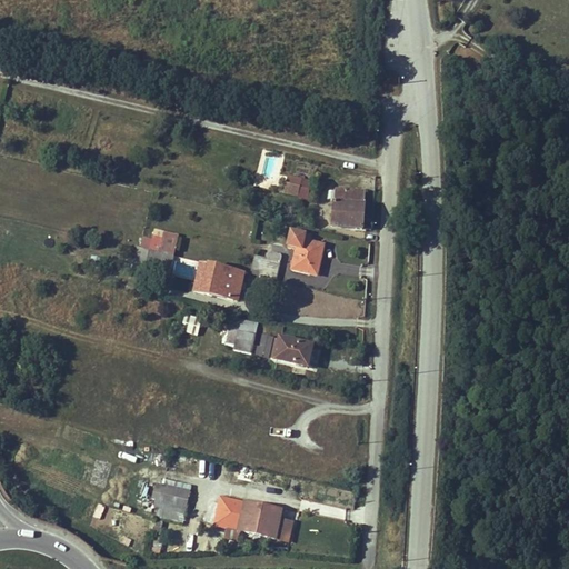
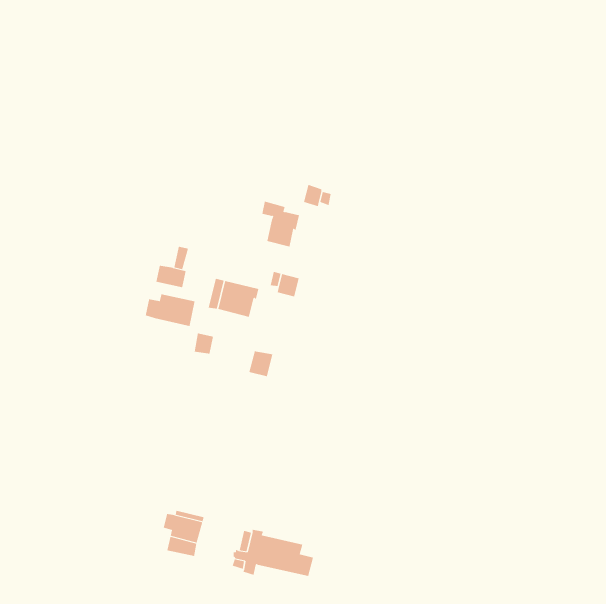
building: [332,187,365,226] -> none
building: [288,229,323,272] -> [262,201,300,247]
building: none -> [145,294,195,327]
building: [270,337,311,365] -> none

